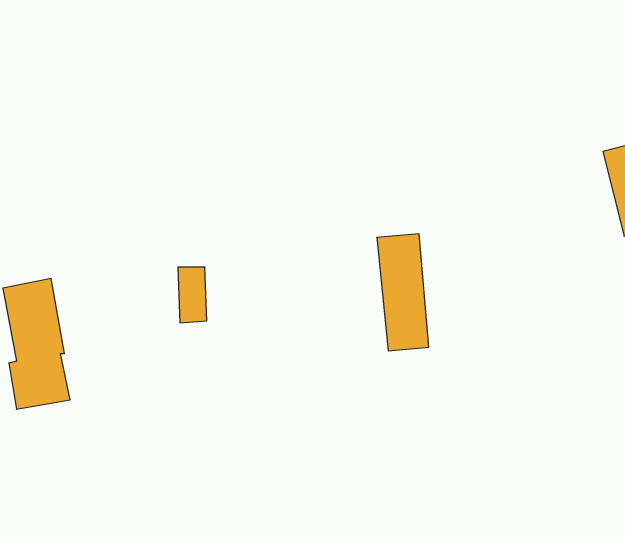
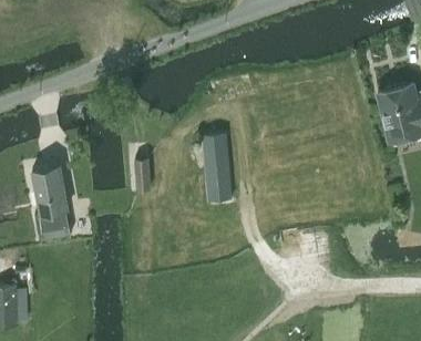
building: [377,234,429,351] -> [201,134,230,202]

